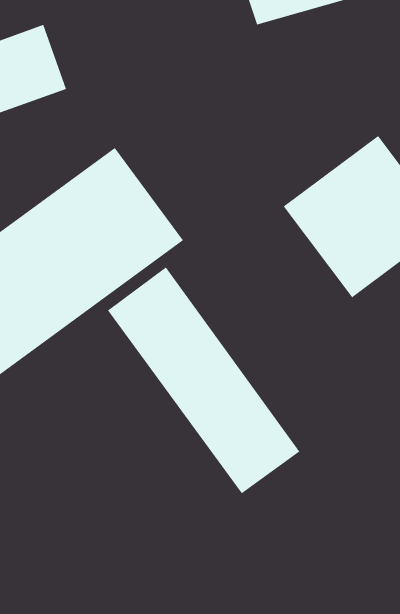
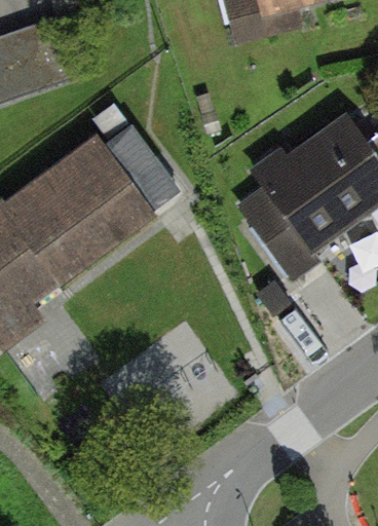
building: [107,267,300,494] -> none

